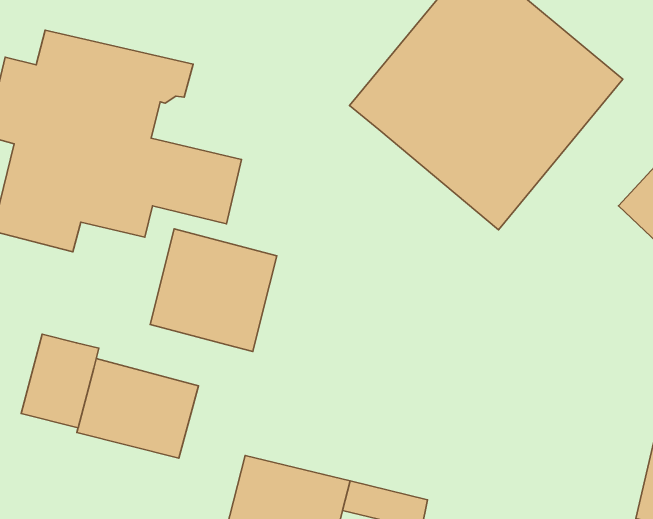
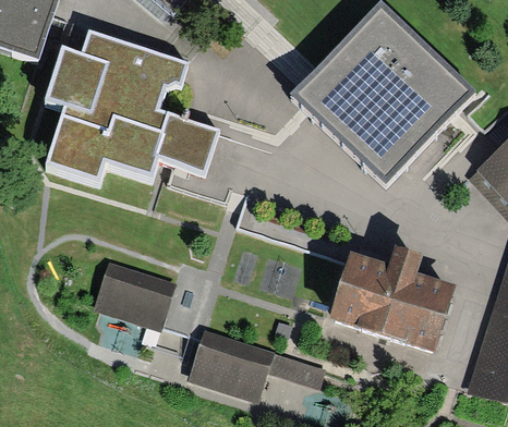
building: [150,229,277,351] -> none
building: none -> [330,249,458,355]
building: [21,334,99,428] -> none

